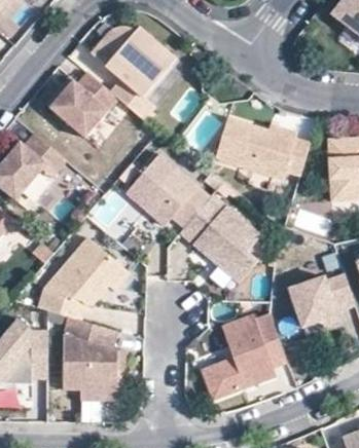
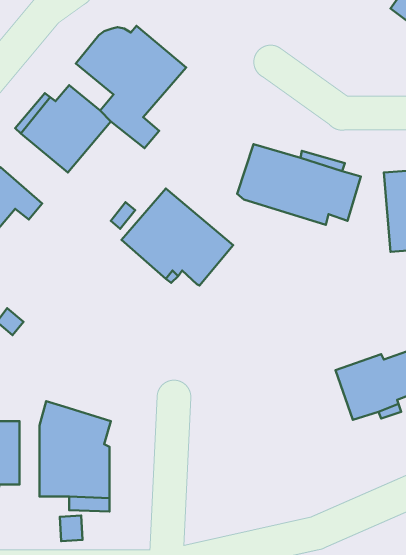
building: [180,191,260,279] -> none
building: [38,236,130,318] -> none
building: [202,314,287,400] -> none

